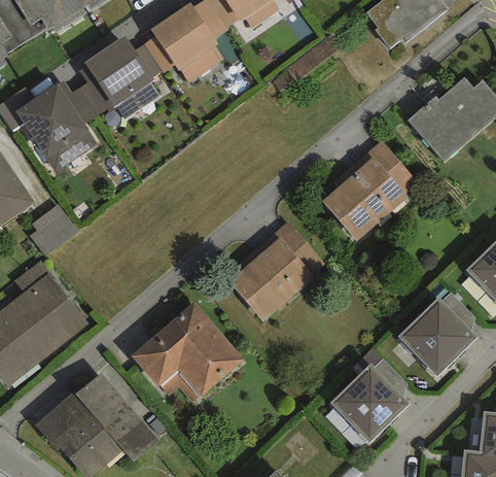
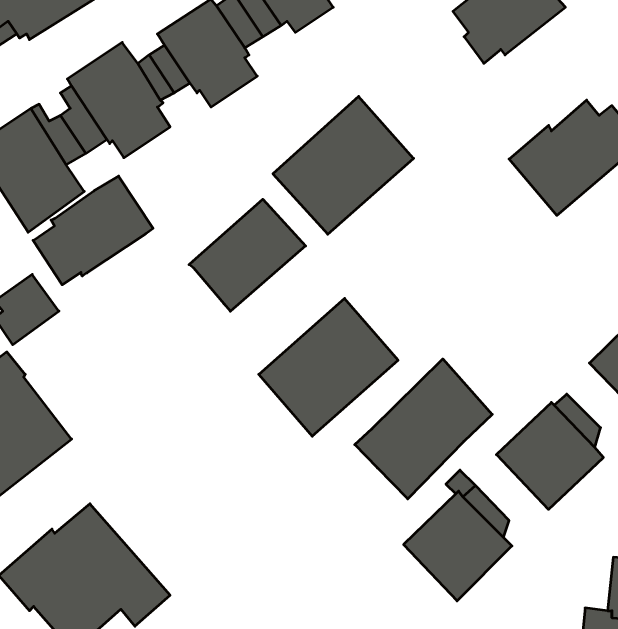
building: none -> [33,176,153,285]
building: [317,139,420,240] -> [273,96,414,234]
building: none -> [189,199,306,311]
building: none -> [355,359,492,499]
building: [131,301,243,397] -> none

